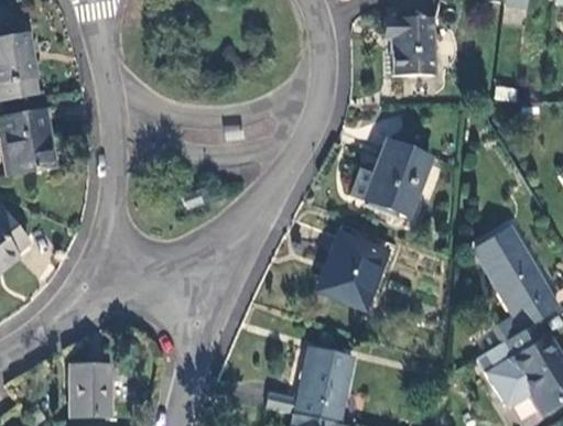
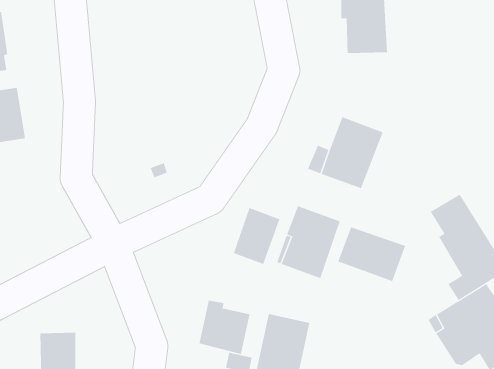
building: none -> [233,207,280,265]
building: none -> [338,226,406,282]
building: none -> [199,300,250,355]

